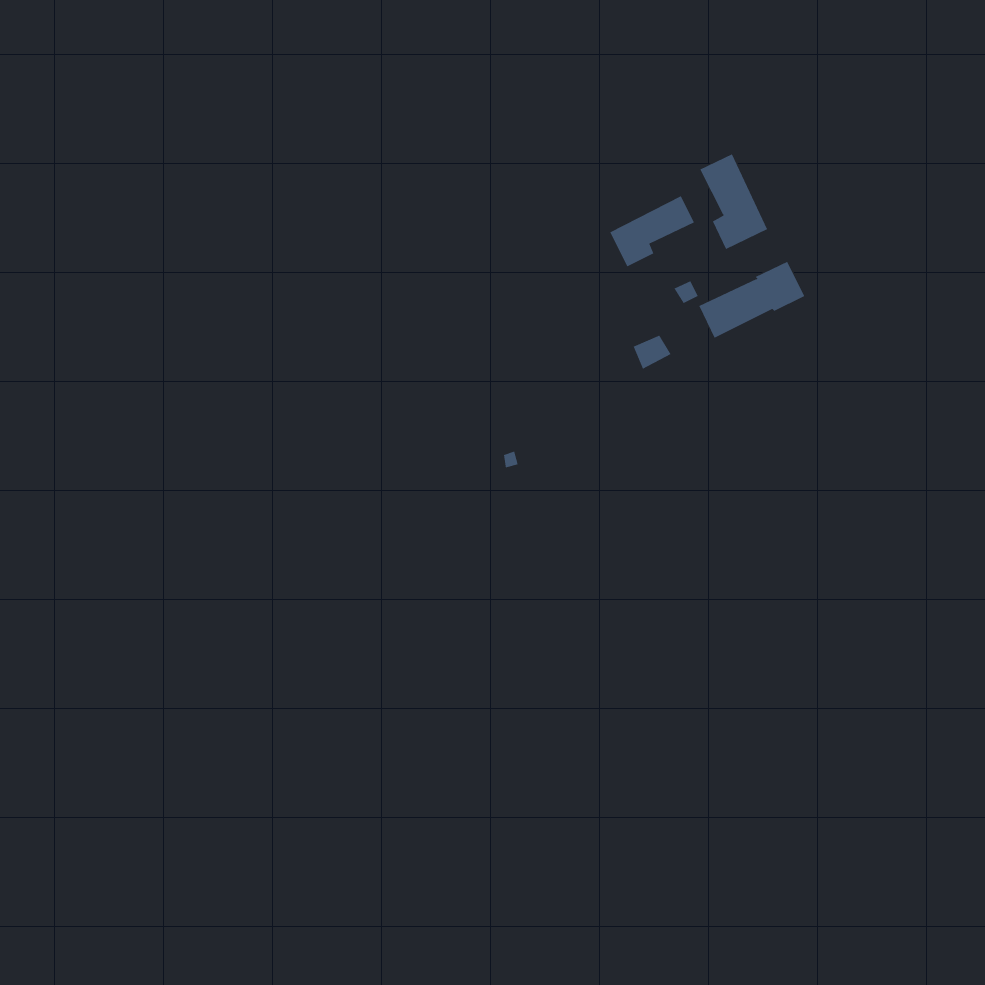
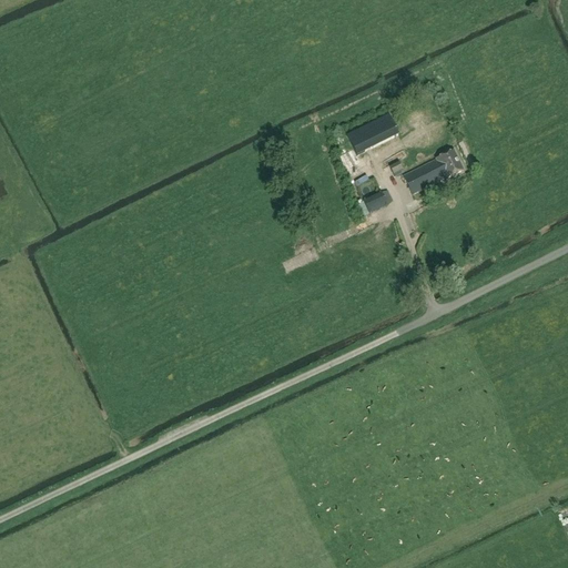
building: [699,153,768,250] -> none

